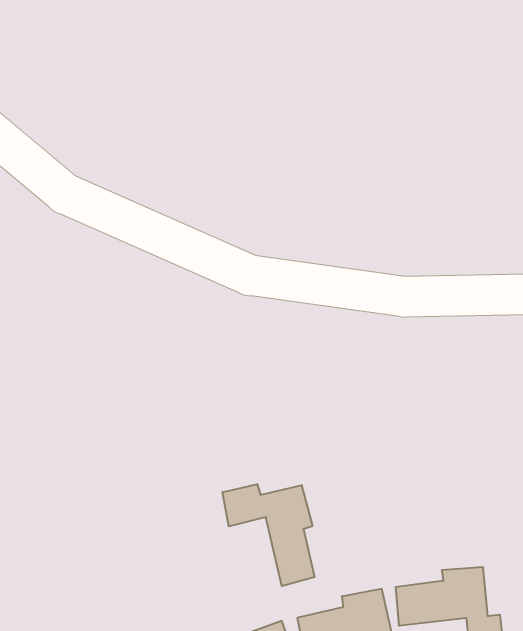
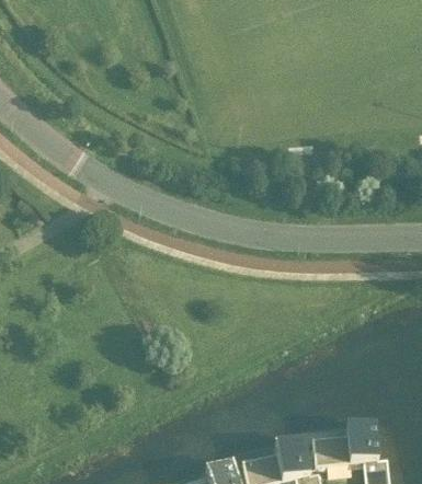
building: [222,484,314,586] -> none

